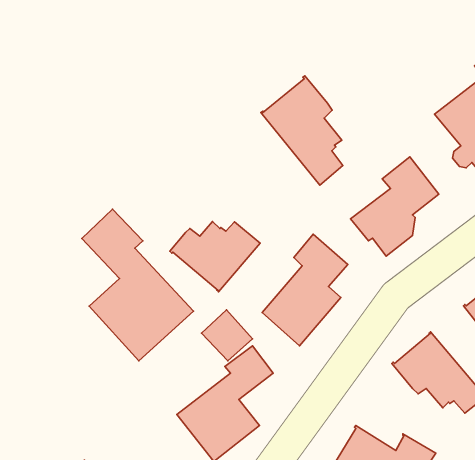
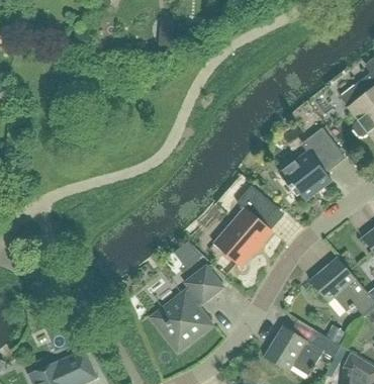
building: [261,76,343,185] -> none
building: [82,209,194,361] -> none
building: [170,222,260,292] -> none

